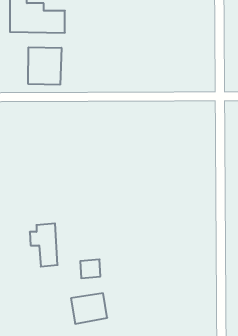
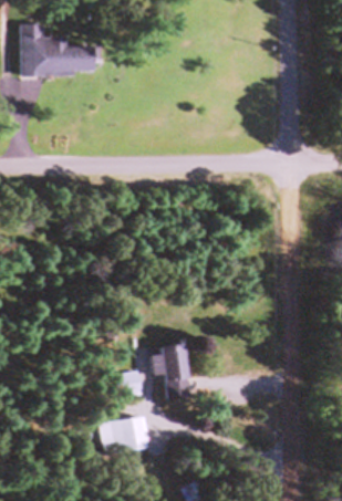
building: [28,47,61,85] -> none
building: [30,223,58,267] -> [151,343,187,399]

